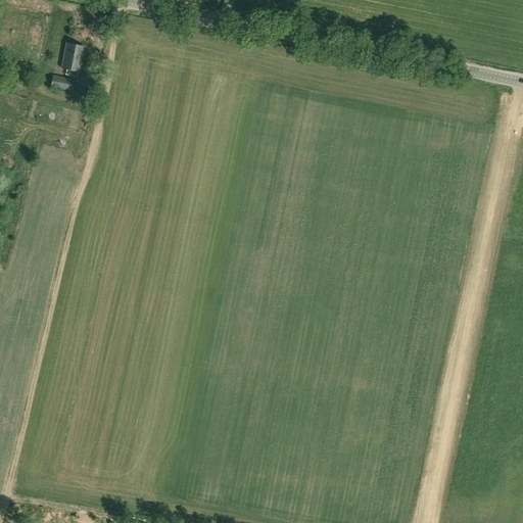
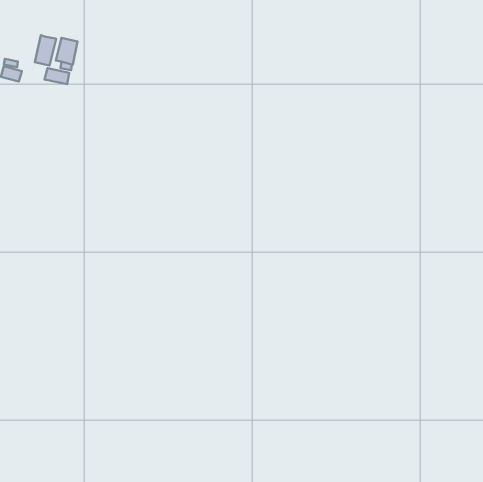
building: none -> [35,35,56,66]

